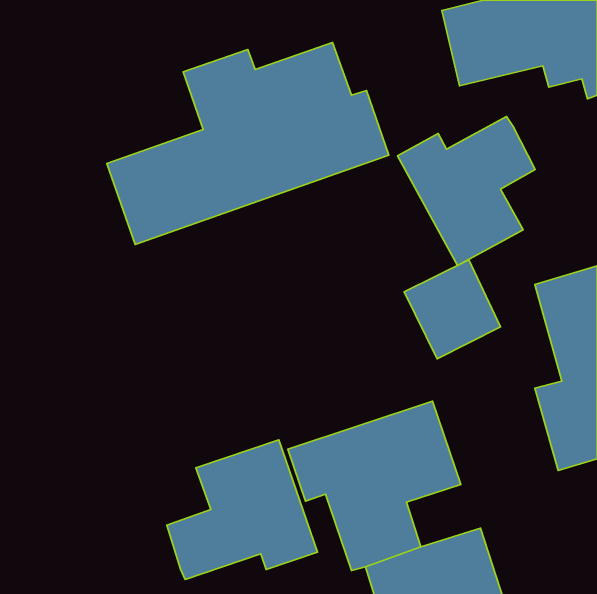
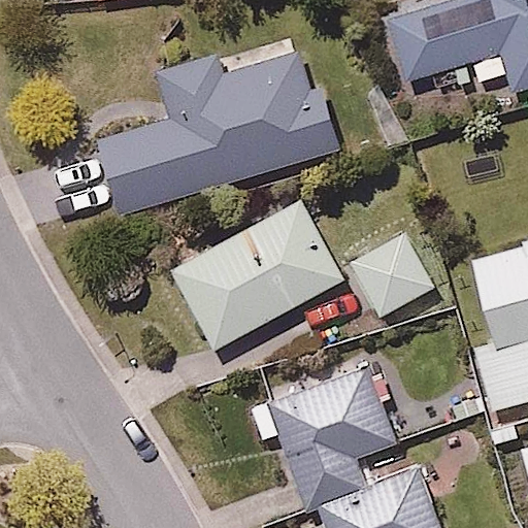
building: [397,116,535,266] -> none
building: none -> [169,196,353,355]
building: [167,440,317,579] -> none

